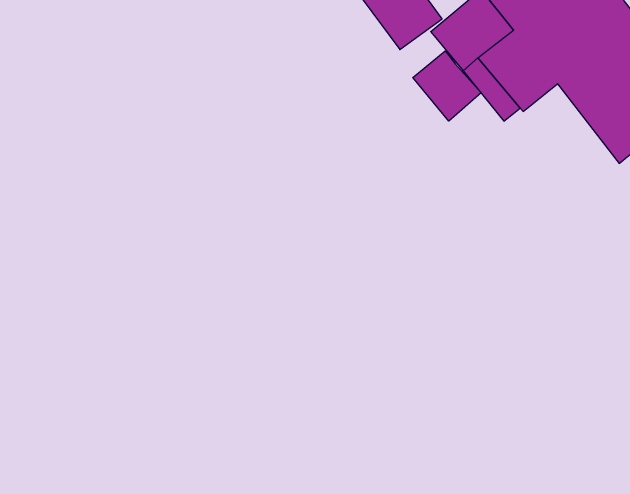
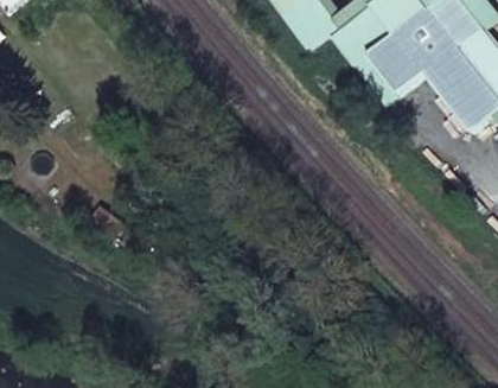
building: [413,51,481,121] -> none

